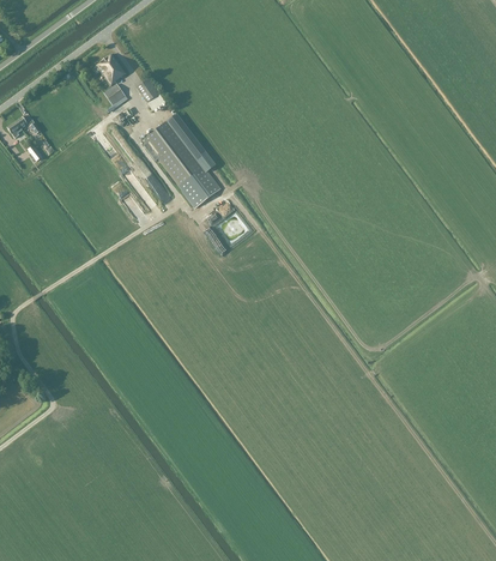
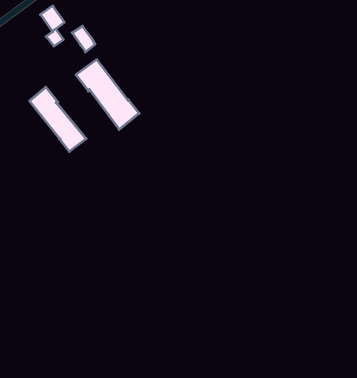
building: none -> [30,87,86,152]

